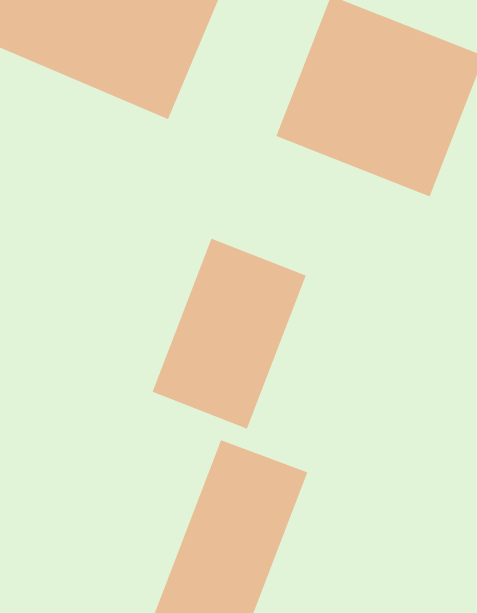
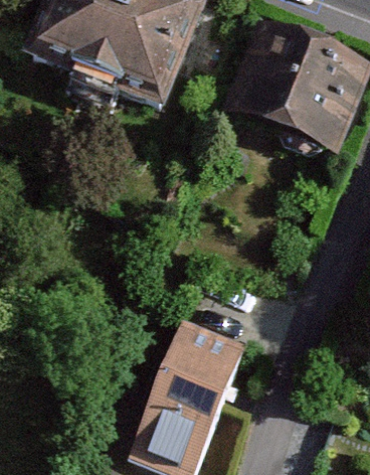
building: [152,238,306,429] -> none

